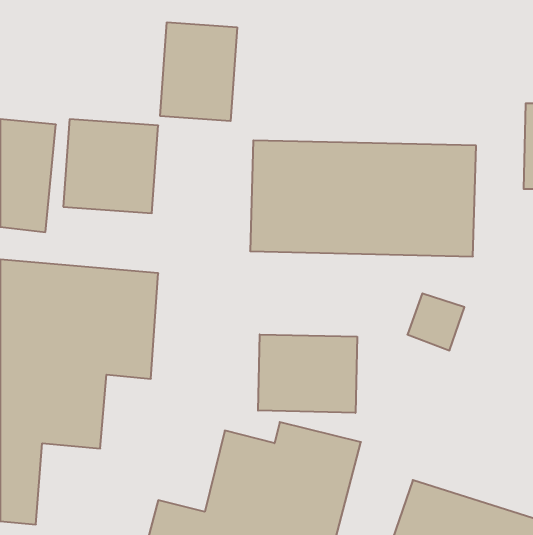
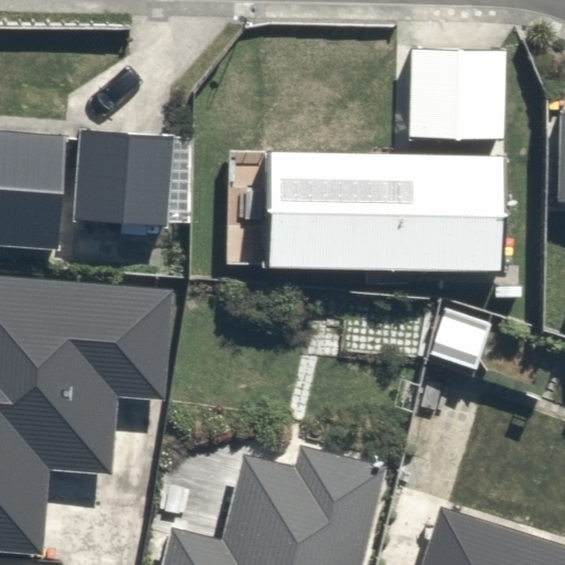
building: [160,22,237,121] -> none
building: none -> [405,50,503,140]
building: [258,334,357,413] -> none

